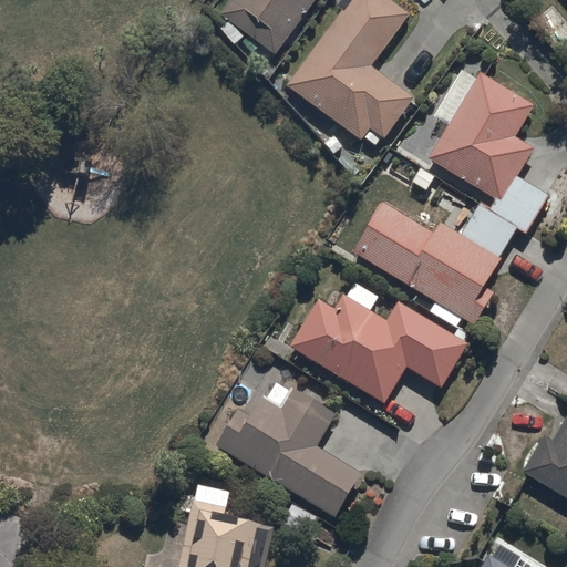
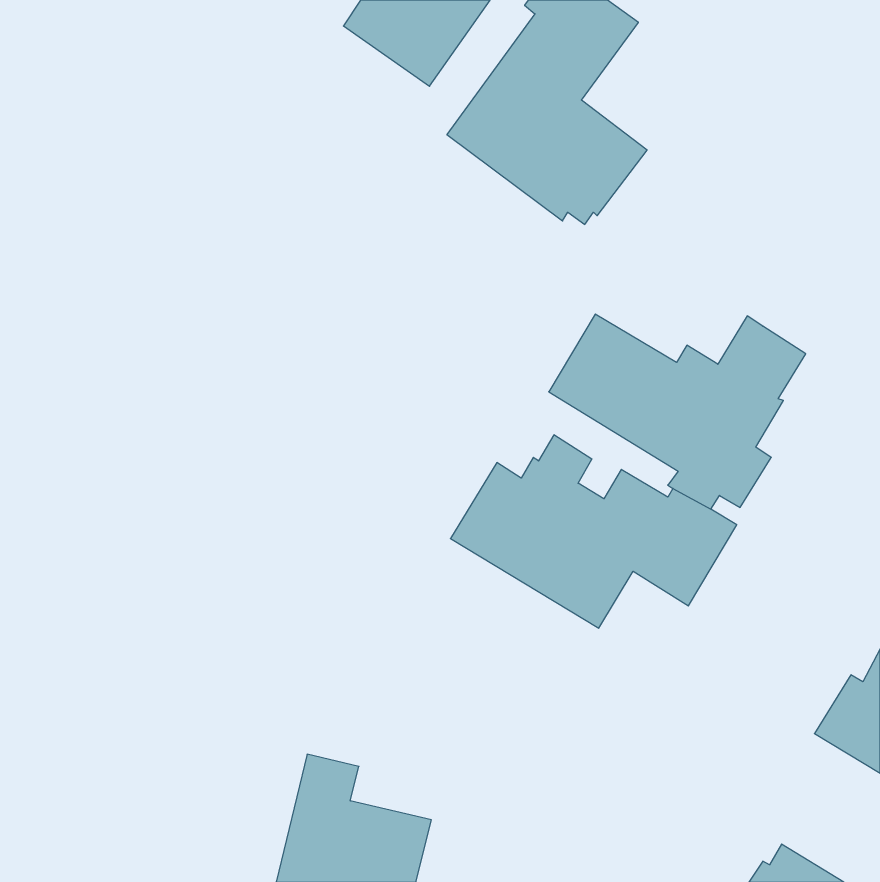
building: [429,68,549,233] -> none
building: [217,358,363,516] -> none

